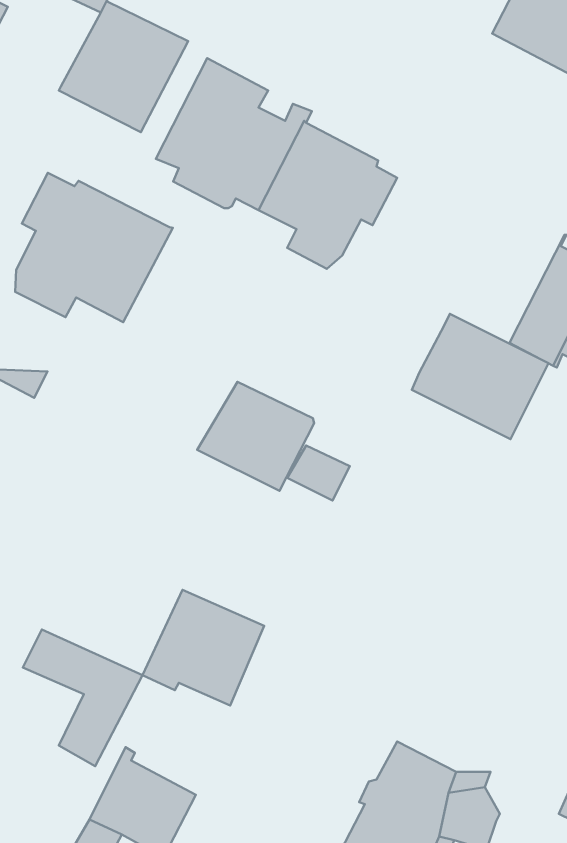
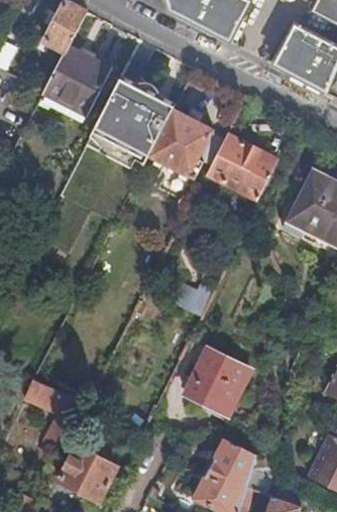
building: [15,173,173,322] -> none
building: [412,314,549,439] -> [205,133,277,200]
building: [197,382,314,491] -> none
building: [143,590,264,706] -> [181,352,245,413]

